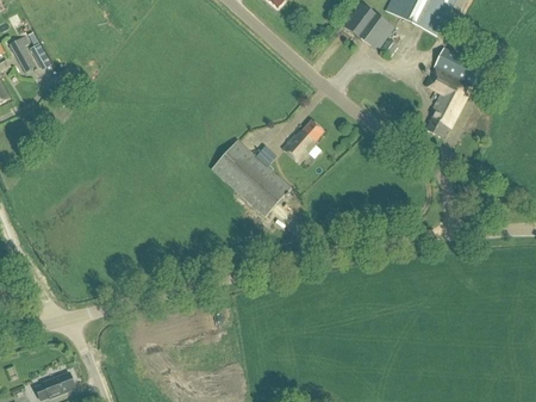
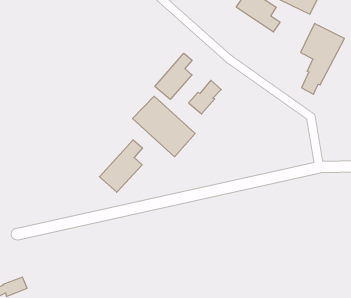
building: none -> [155,53,192,99]
building: none -> [99,140,142,192]

